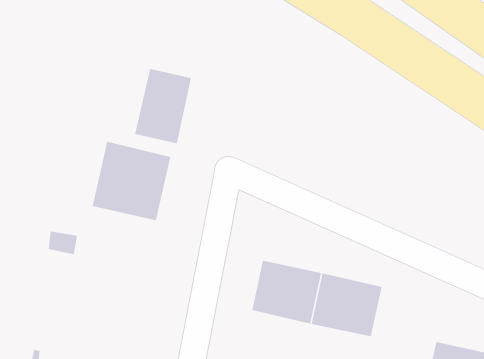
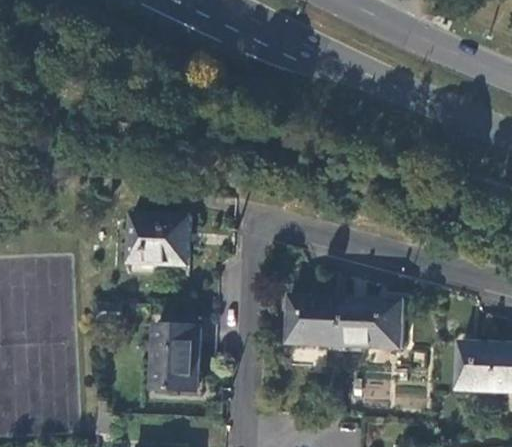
building: [135,68,192,144] -> none
building: none -> [152,324,200,390]

